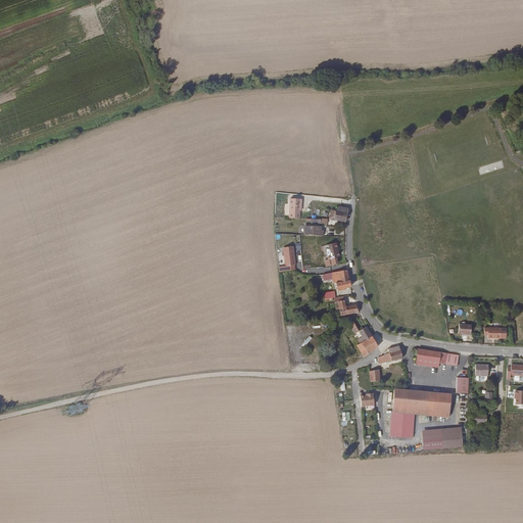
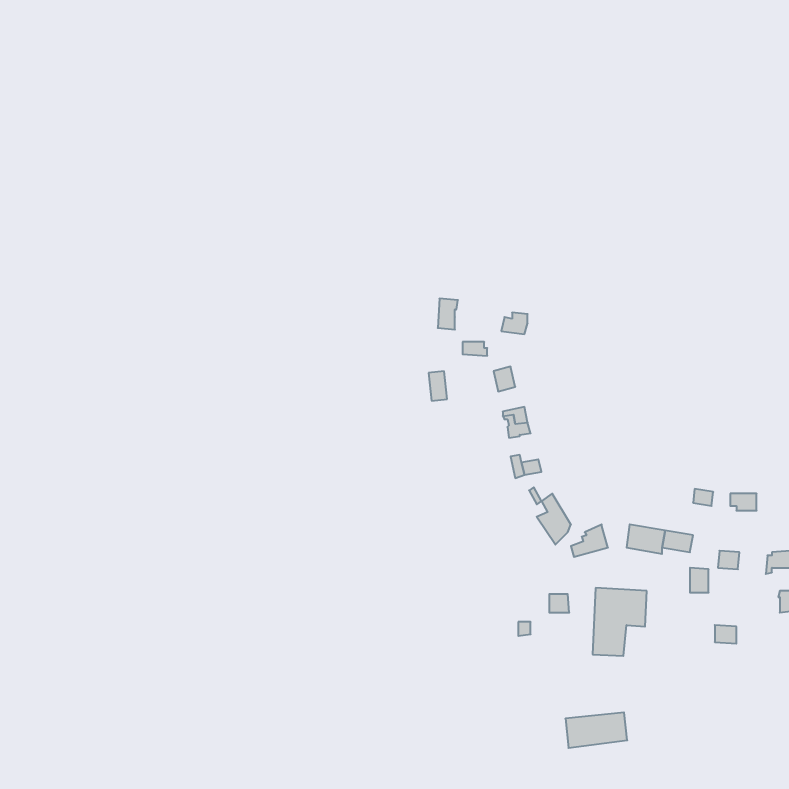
building: [427,390,451,416] -> none
building: [422,427,463,450] -> [565,712,627,748]

